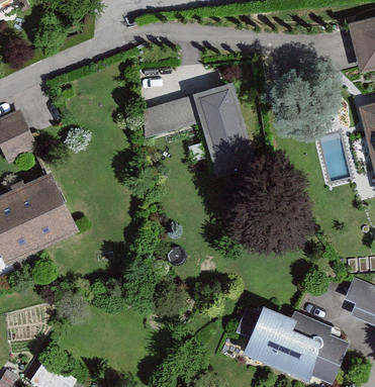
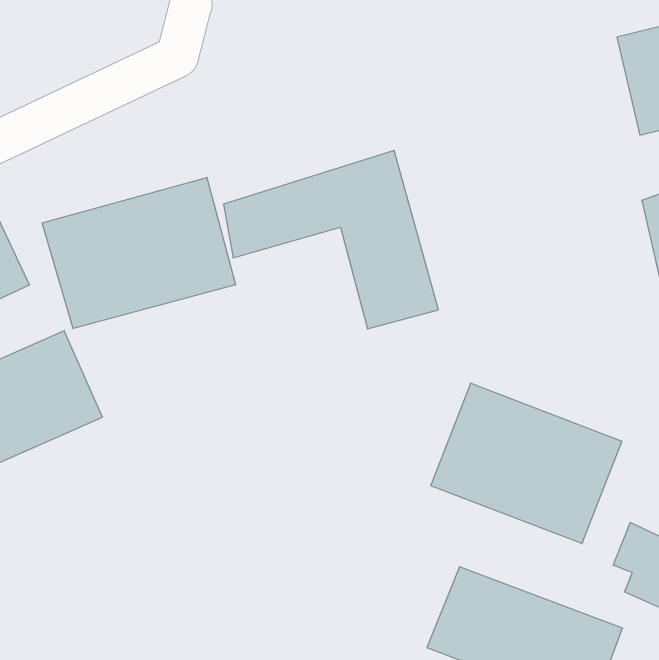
building: none -> [42,177,236,329]
building: none -> [431,383,622,544]

